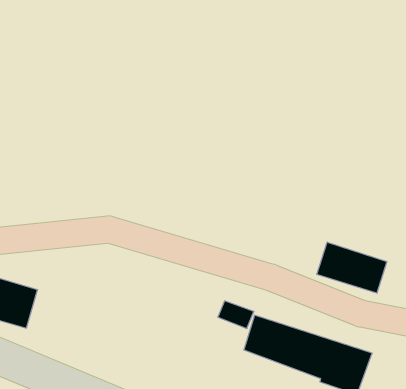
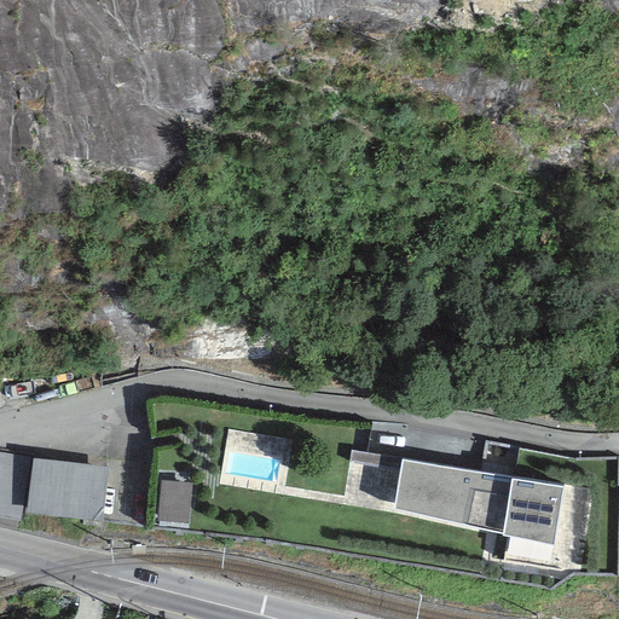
building: [317,242,387,293] -> none
building: none -> [156,479,191,523]

